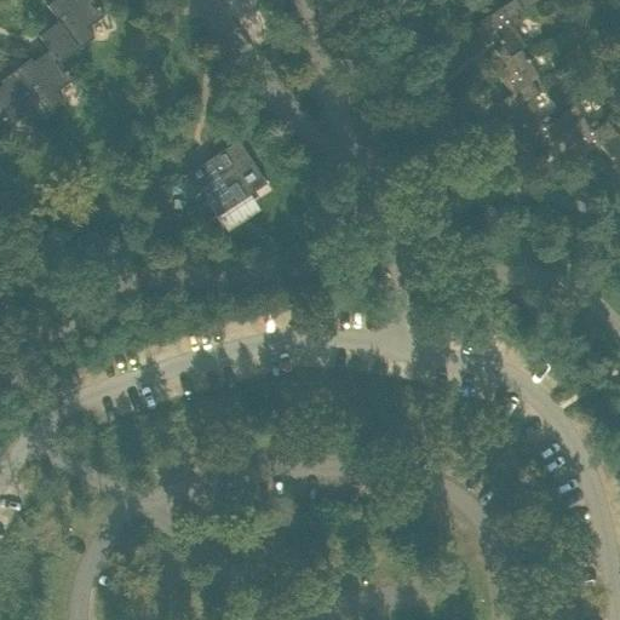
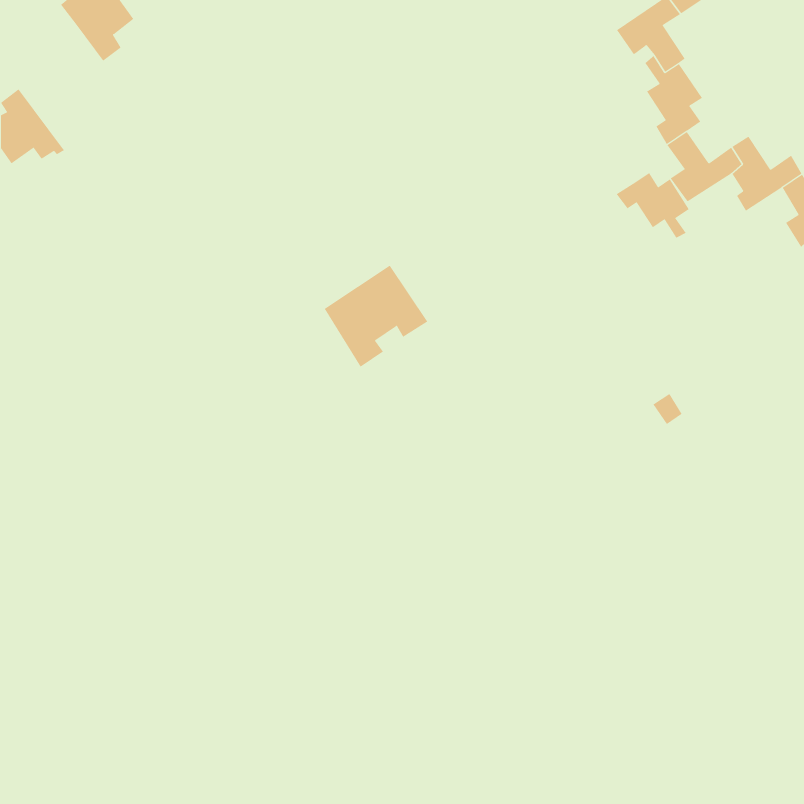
building: [17,19,81,115] -> none
building: none -> [616,172,690,239]
building: [189,138,269,217] -> [324,265,428,367]

